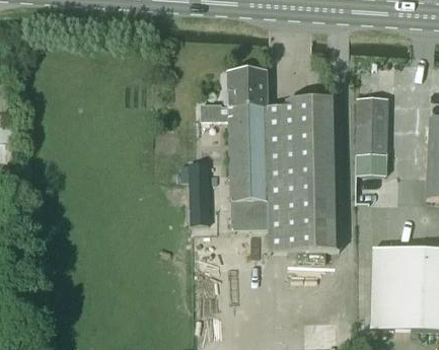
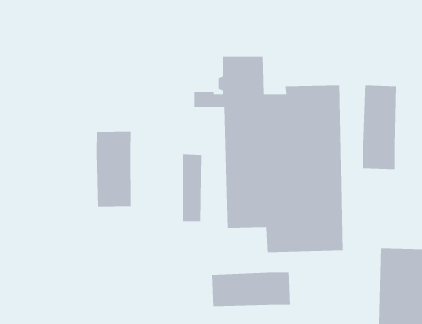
building: none -> [96,131,131,207]
building: none -> [211,272,291,307]

